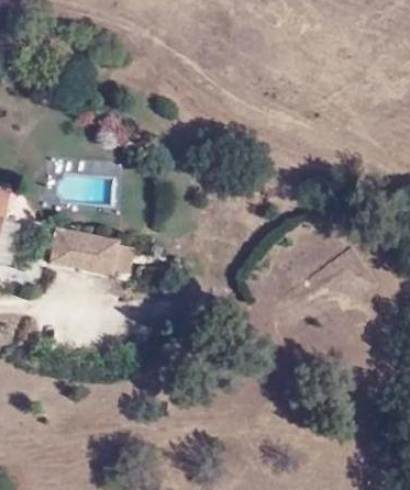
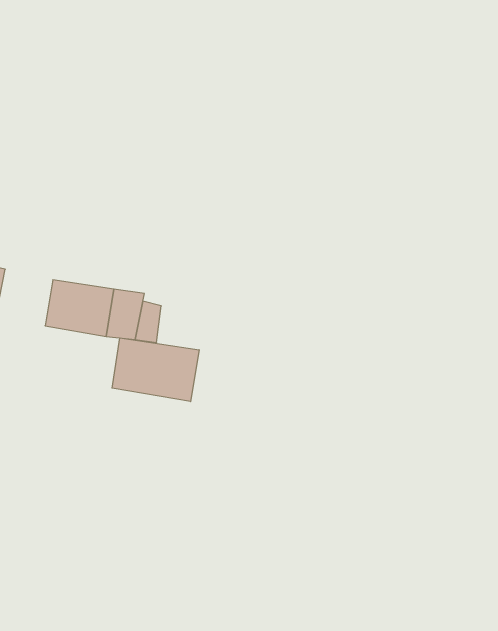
building: none -> [112,338,199,402]

